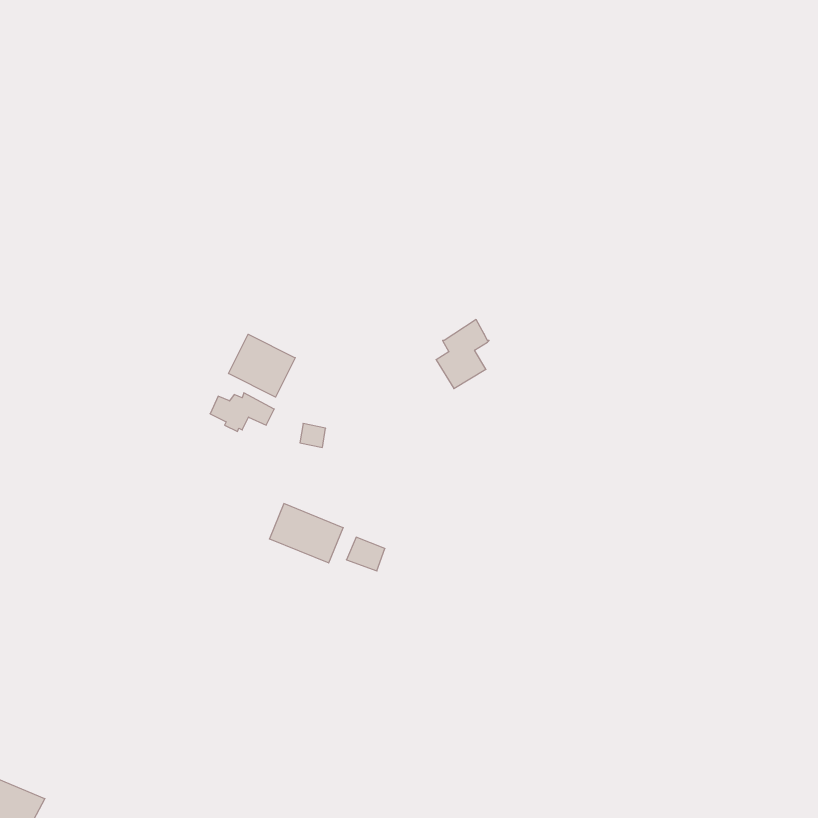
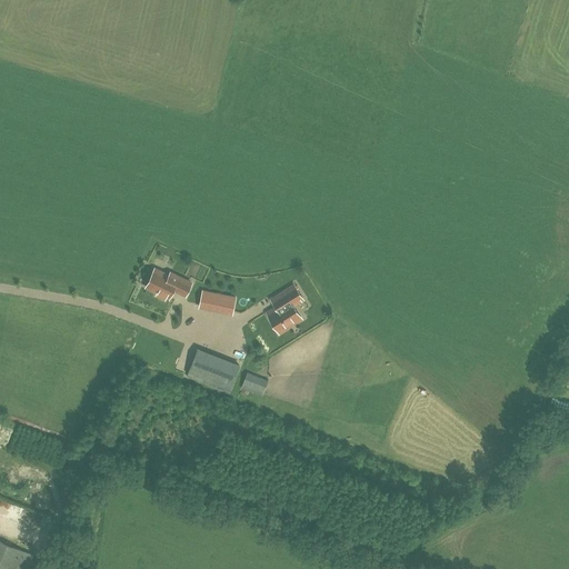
building: [436,320,489,389] -> [266,286,302,333]
building: [229,334,295,397] -> none

